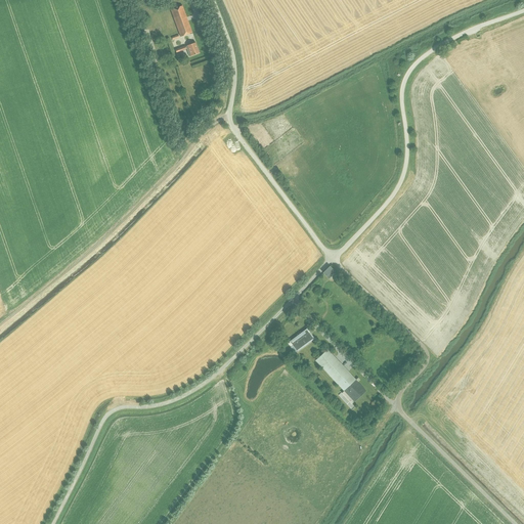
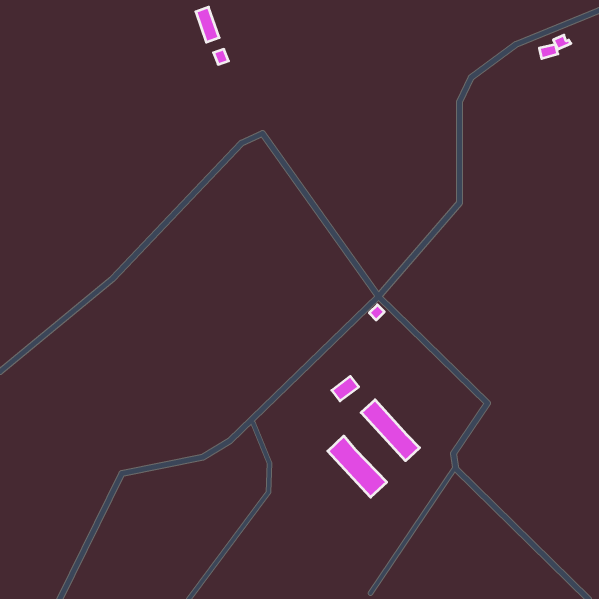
building: none -> [328,436,387,497]

